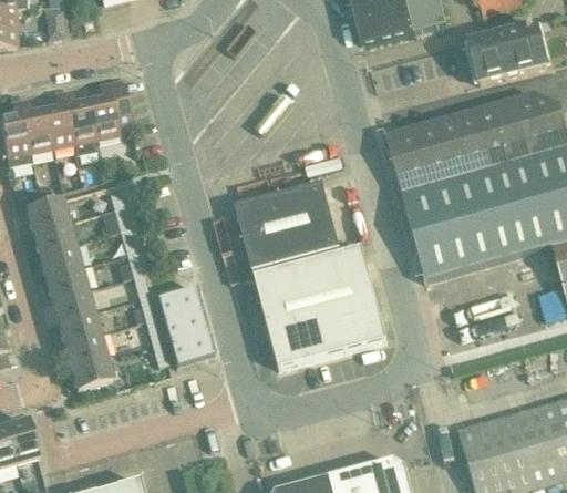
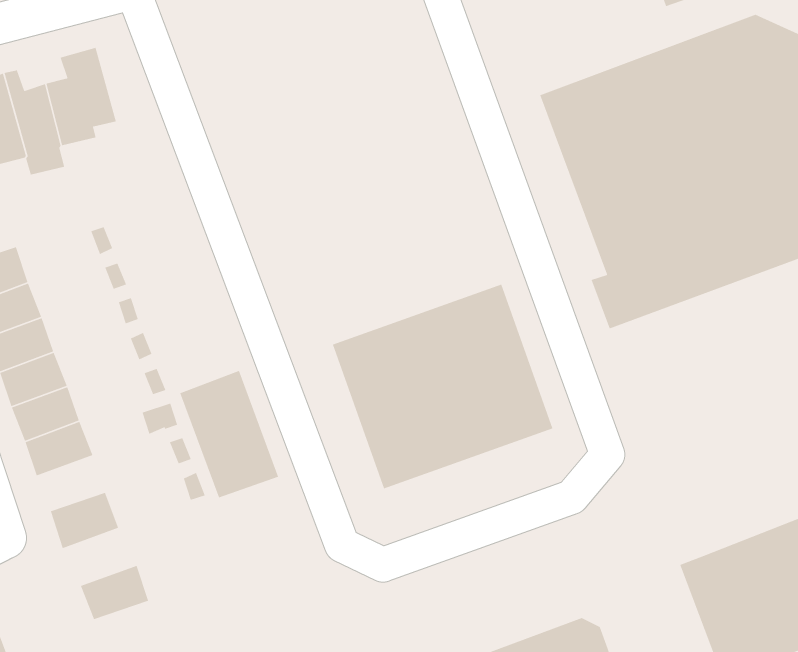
building: [235,181,338,270] -> none
building: [63,331,105,363] -> [80,565,149,620]

